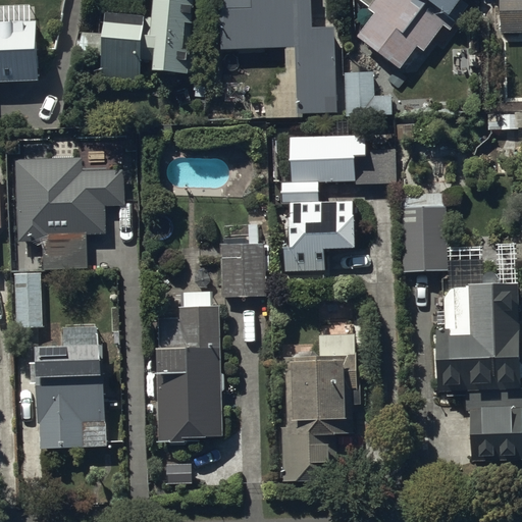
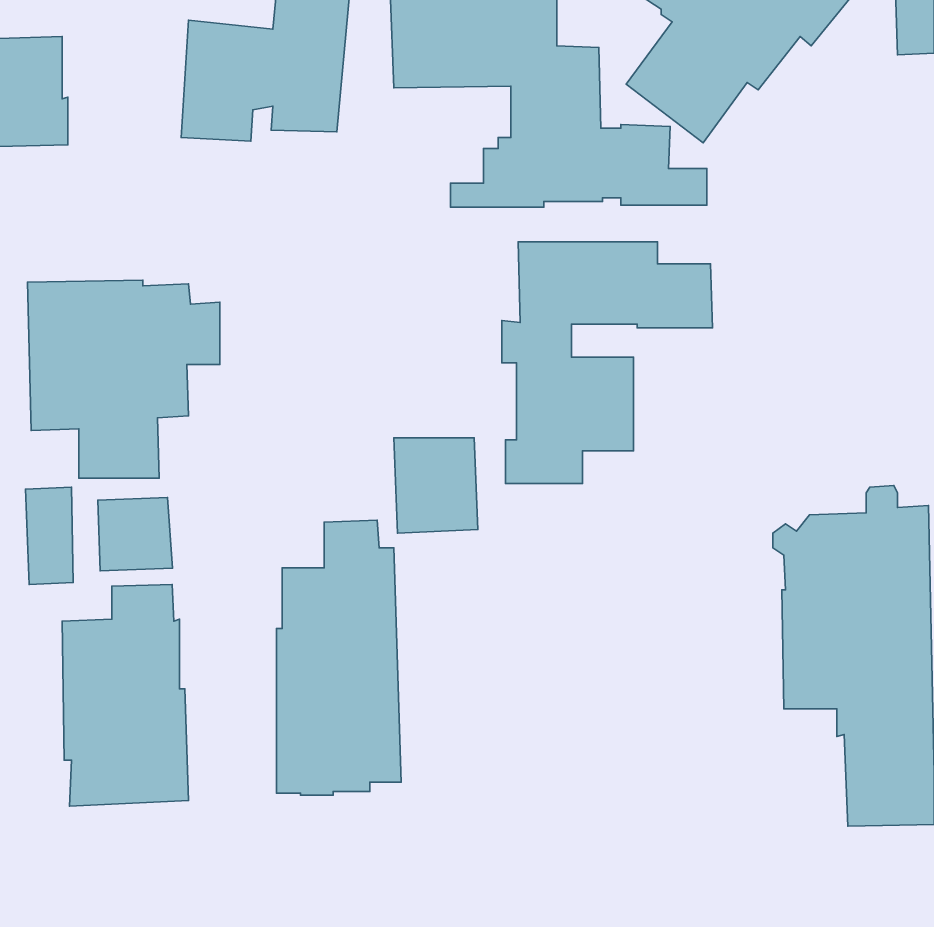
building: [400,205,450,270] -> none
building: none -> [98,498,173,571]
building: [280,334,360,480] -> none

